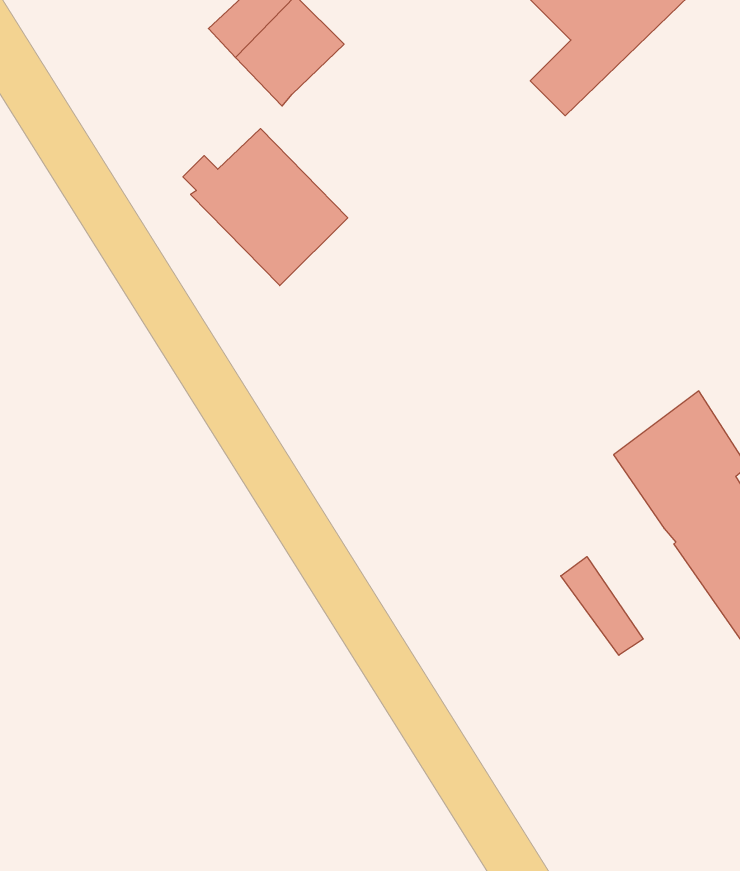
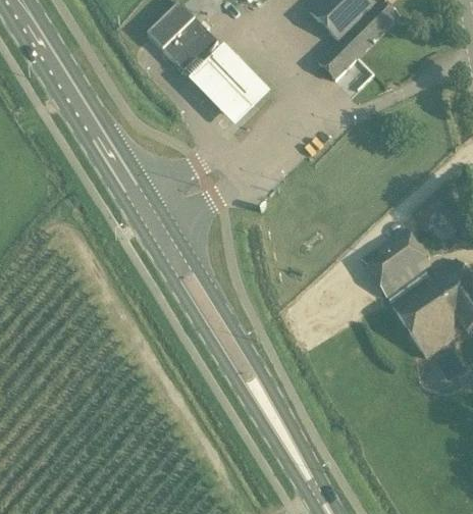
building: [183,129,348,286] -> [187,47,273,130]
building: [561,557,643,655] -> none

